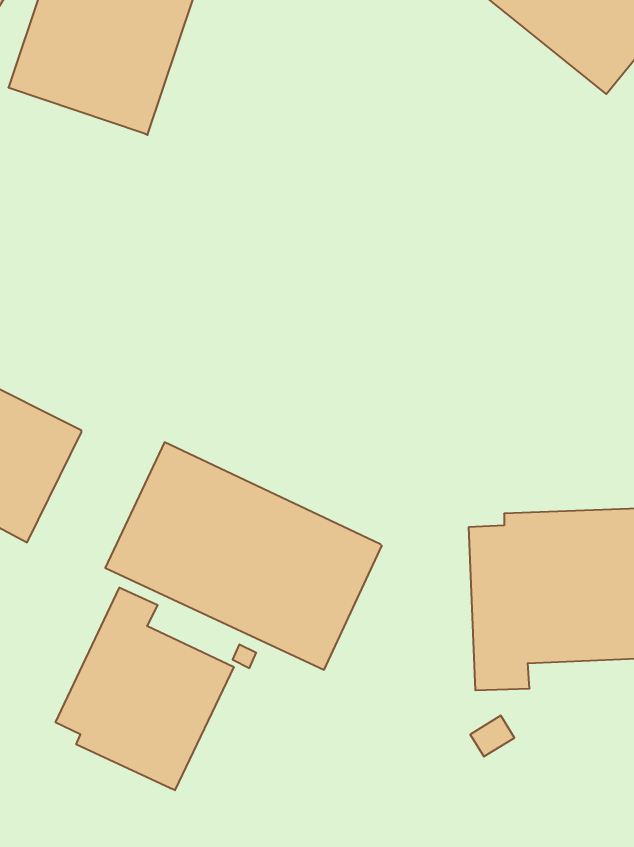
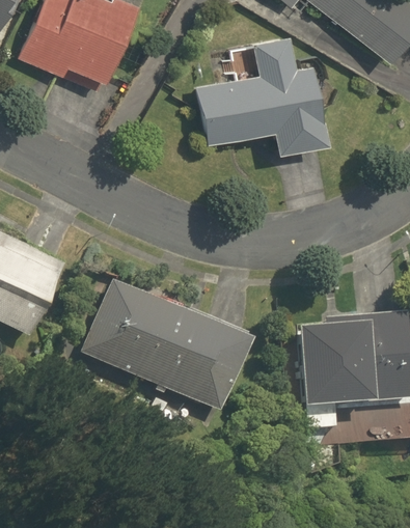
building: none -> [193,36,326,146]
building: [56,588,234,790] -> none

